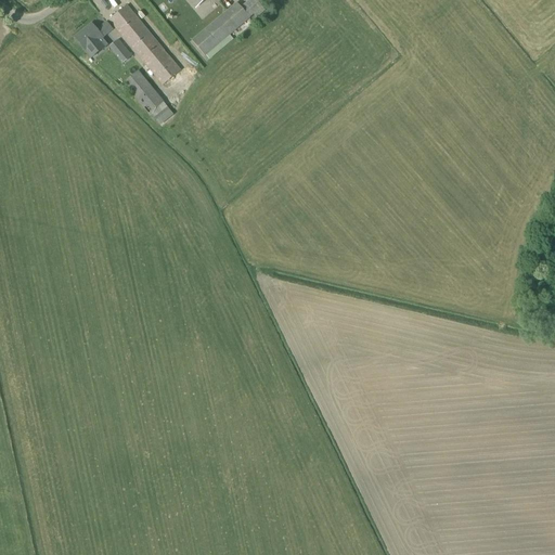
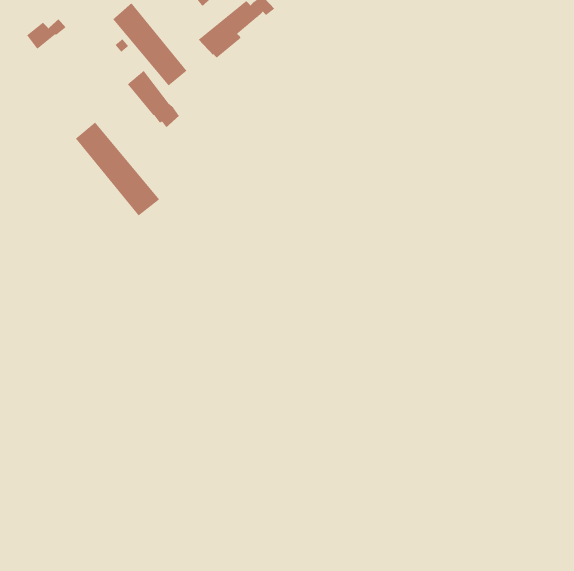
building: [75,18,114,49] -> [26,18,67,50]
building: none -> [75,121,160,216]

